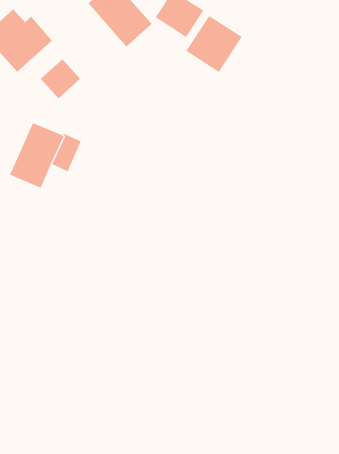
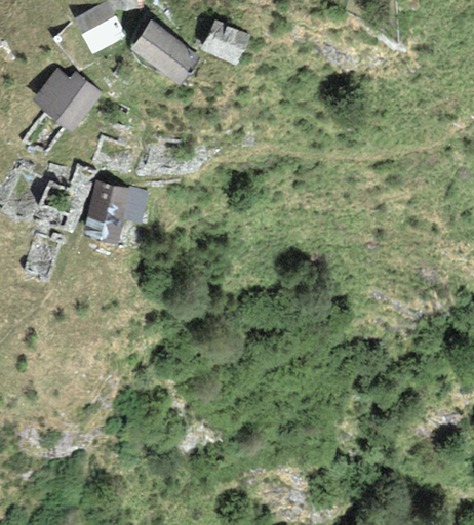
building: [185,15,242,73] -> none
building: [40,58,81,99] -> none

